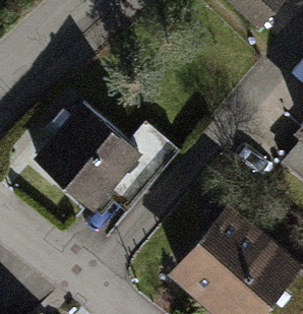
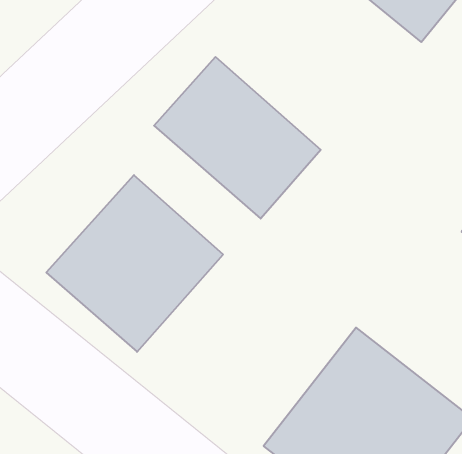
building: none -> [154,57,321,219]

